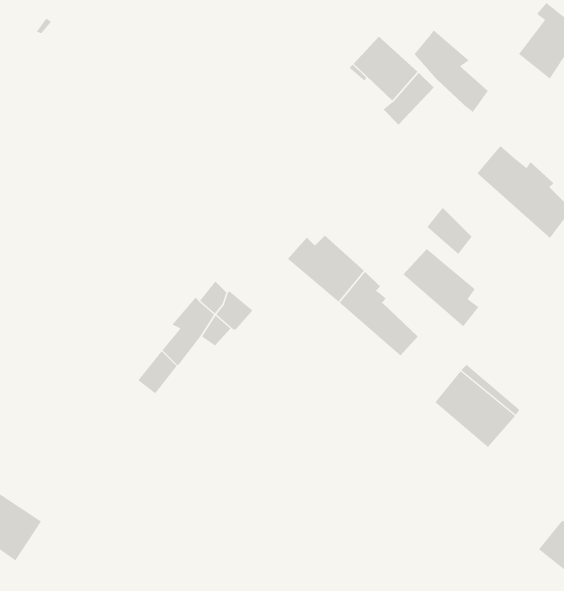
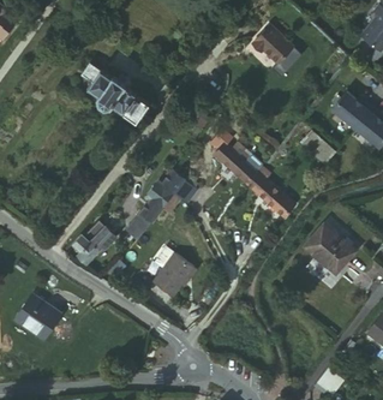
building: [414,29,489,113] -> none
building: none -> [83,62,151,120]
building: [403,248,479,327] -> none
building: none -> [72,219,114,261]
building: none -> [156,249,197,298]

